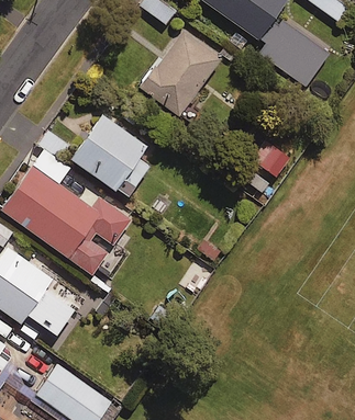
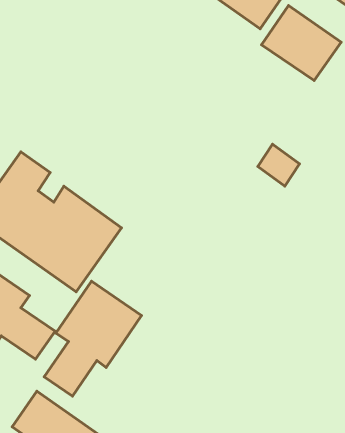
building: [141,29,223,114] -> none
building: [68,113,148,197] -> none
building: none -> [44,281,142,396]

